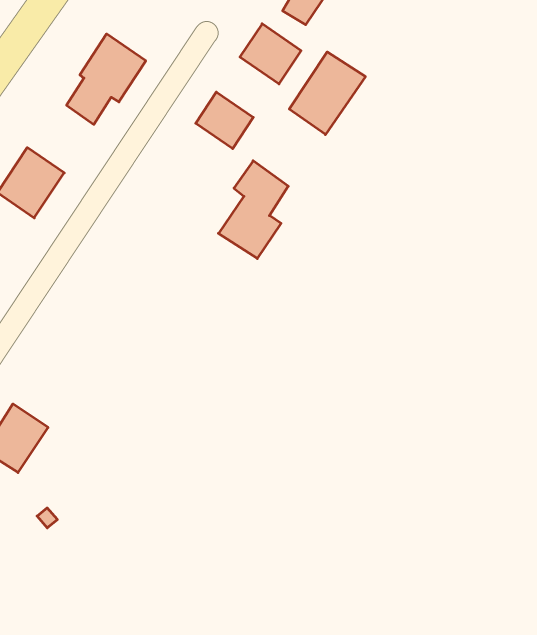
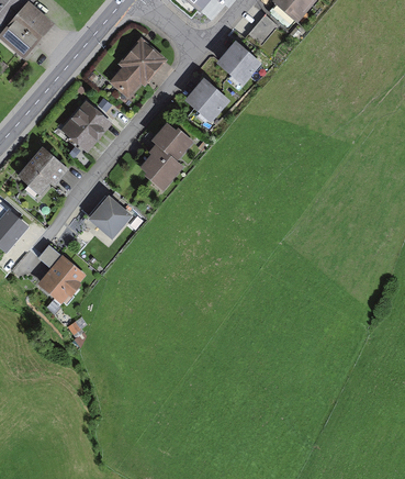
building: [289,52,365,135] -> none
building: [218,161,288,259] -> [142,124,187,183]
building: none -> [91,198,127,234]

